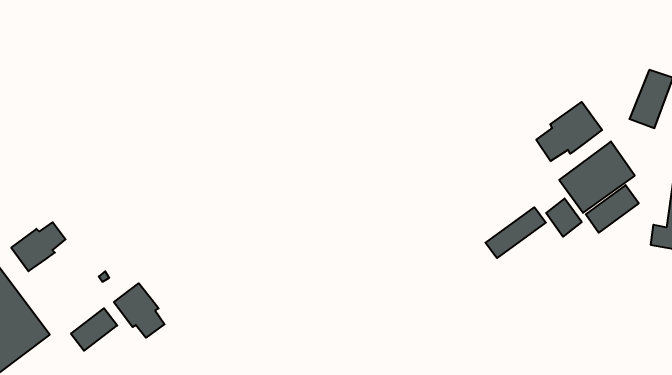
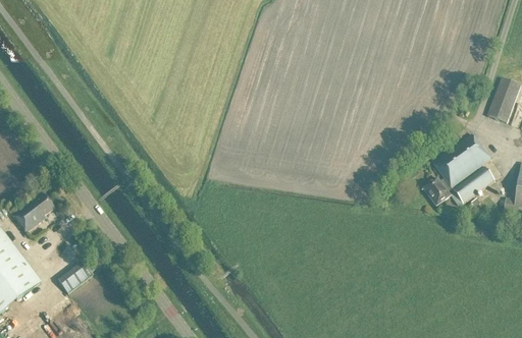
building: [536,102,602,161] -> none
building: [485,207,546,258] -> none
building: [114,283,165,338] -> none

